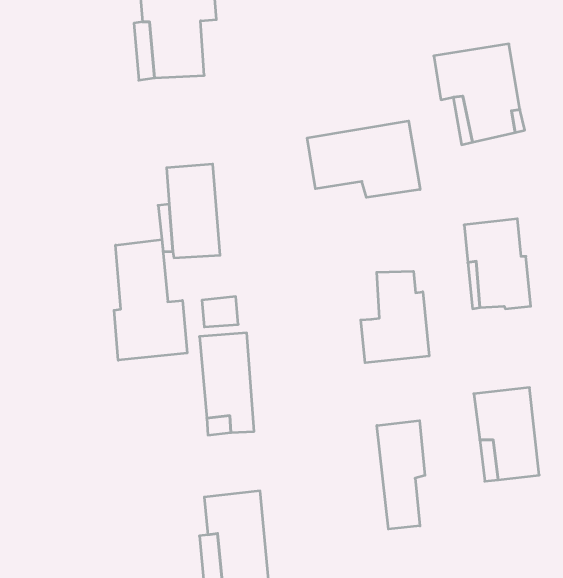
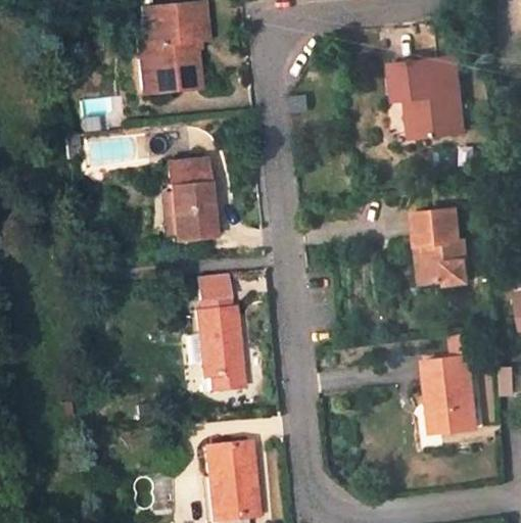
building: [307,121,420,197] -> none
building: [114,239,187,360] -> none
building: [361,271,429,363] -> none
building: [377,421,425,529] -> none

